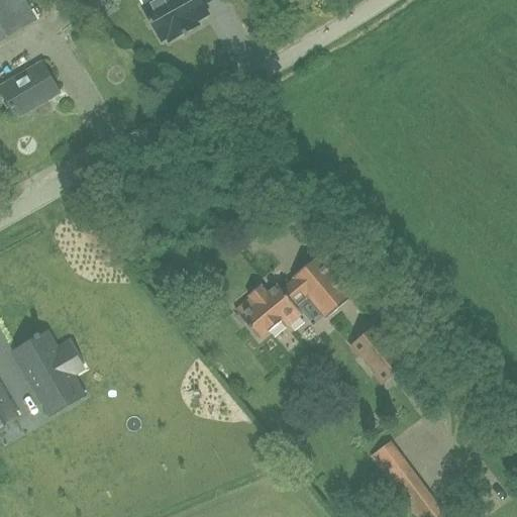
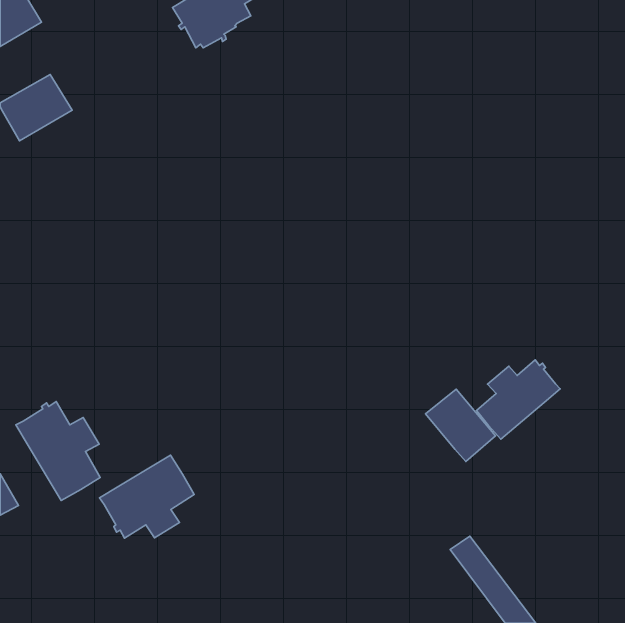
building: [234,252,353,337] -> none
building: none -> [477,360,560,439]
building: none -> [99,455,194,538]

